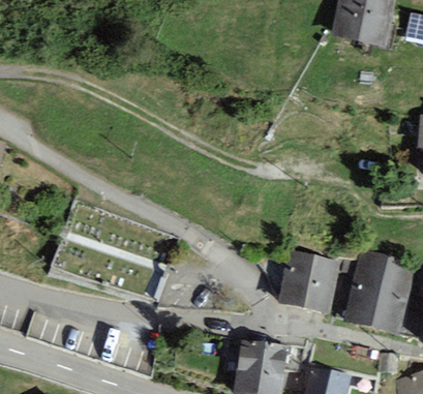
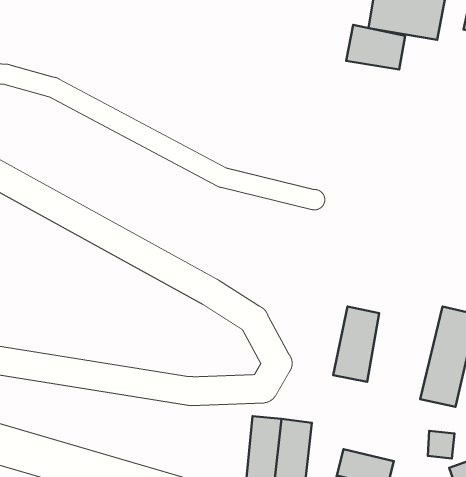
building: none -> [346,25,405,69]
building: [345,248,389,327] -> none
building: [278,251,314,308] -> none

